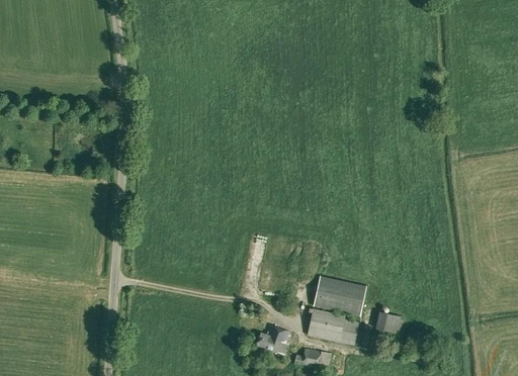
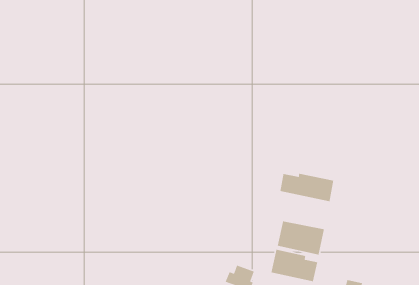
building: none -> [279,173,334,202]
building: [375,311,403,333] -> none

